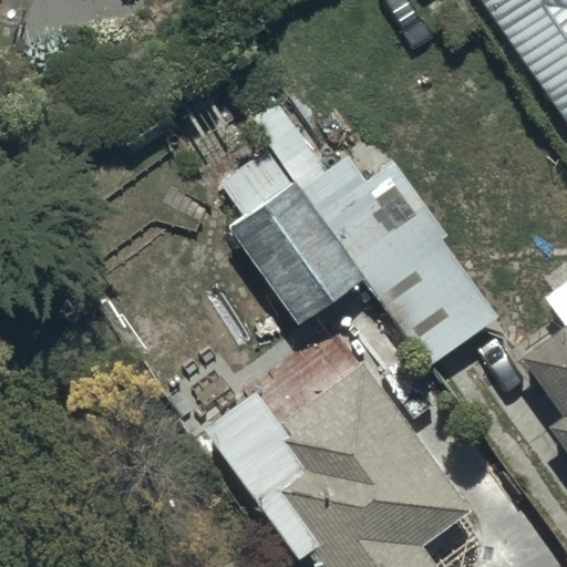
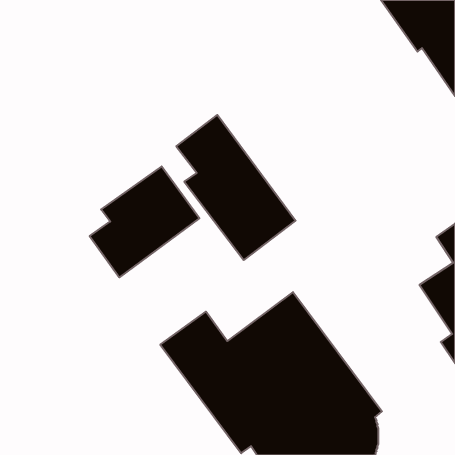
building: [248,91,509,367] -> none
building: none -> [90,166,199,277]

